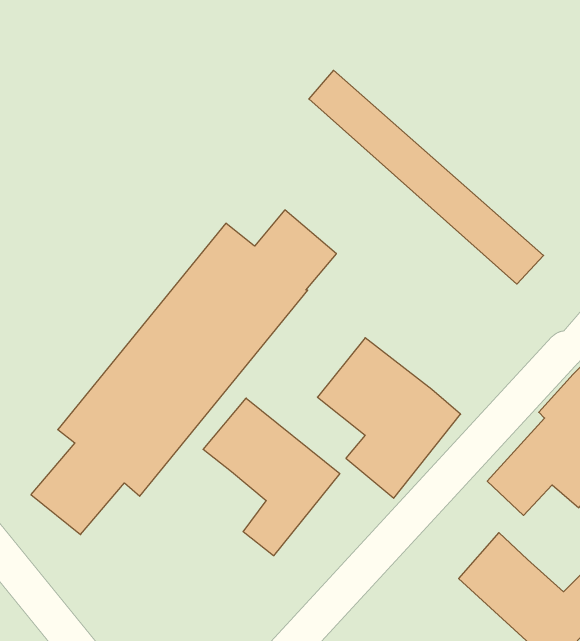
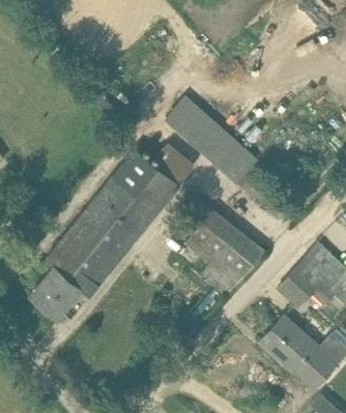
building: [309,70,544,284] -> [167,104,294,219]
building: [203,398,340,556] -> none

